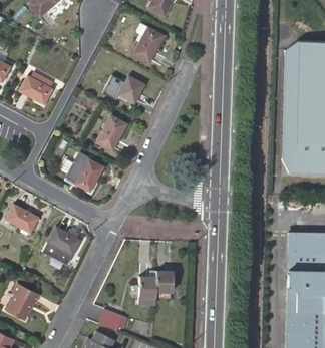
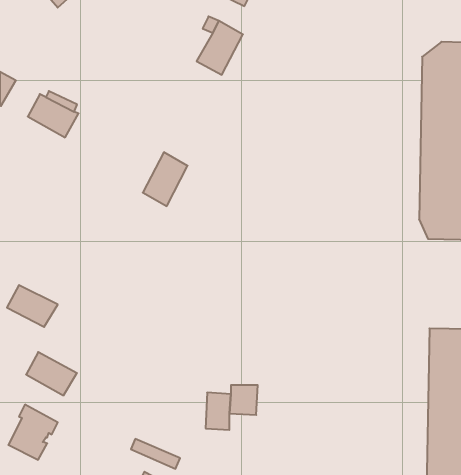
building: [118,76,143,103] -> none
building: [66,152,103,192] -> none
building: [47,227,81,256] -> [26,352,77,395]

